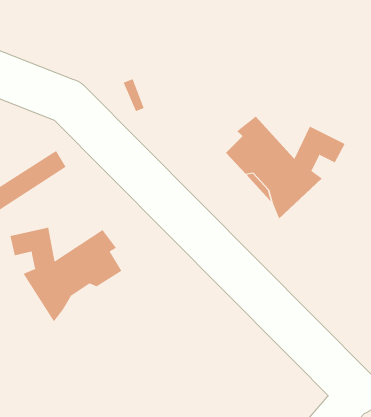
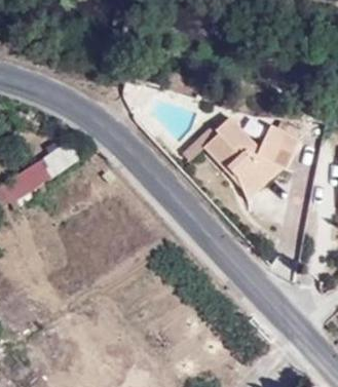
building: [10,227,122,322] -> none

